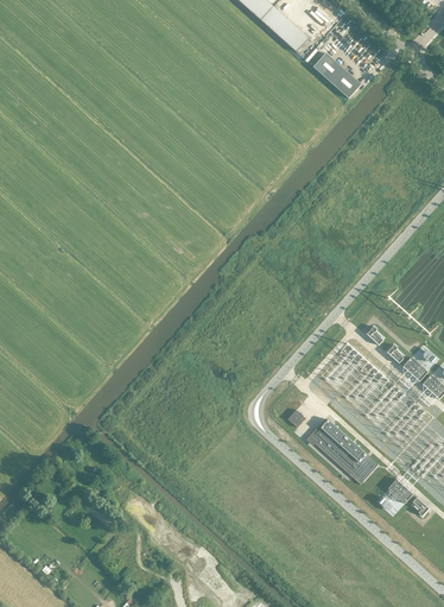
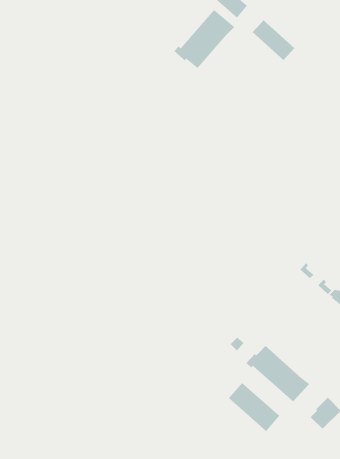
building: none -> [174,9,235,69]
building: none -> [228,382,280,432]

